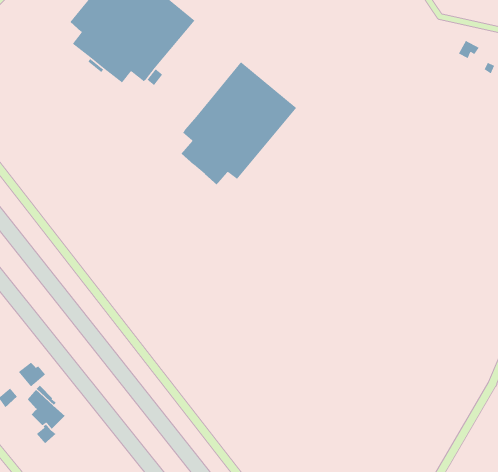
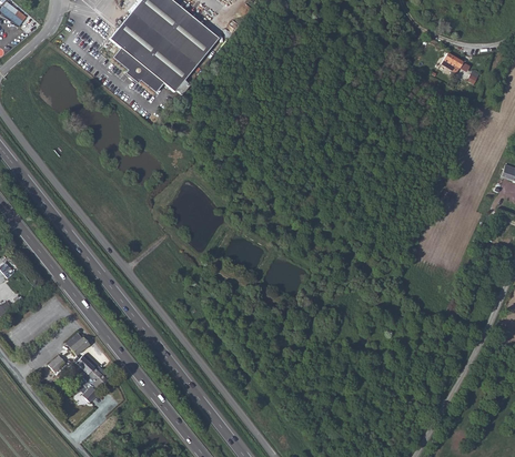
building: [181,61,297,186] -> none

